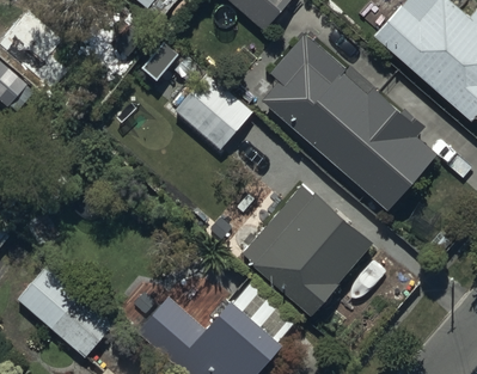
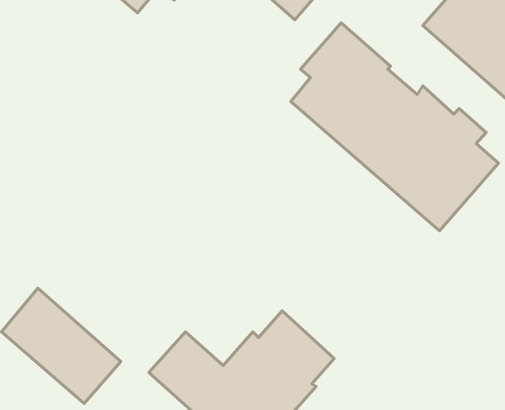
building: [169,49,252,149] -> none
building: [240,183,372,315] -> none

